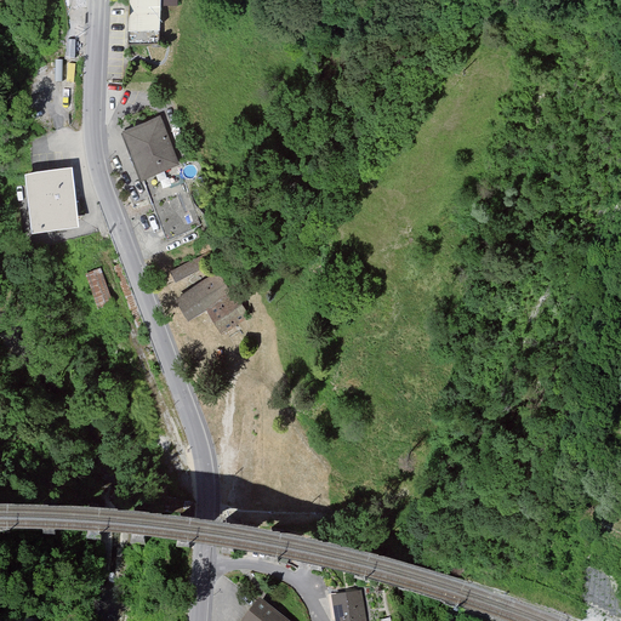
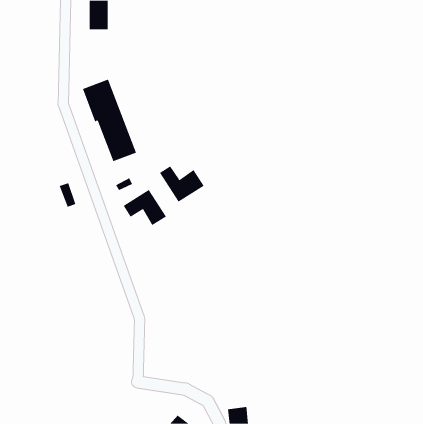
building: [24,166,76,227] -> none
building: none -> [159,165,205,203]

